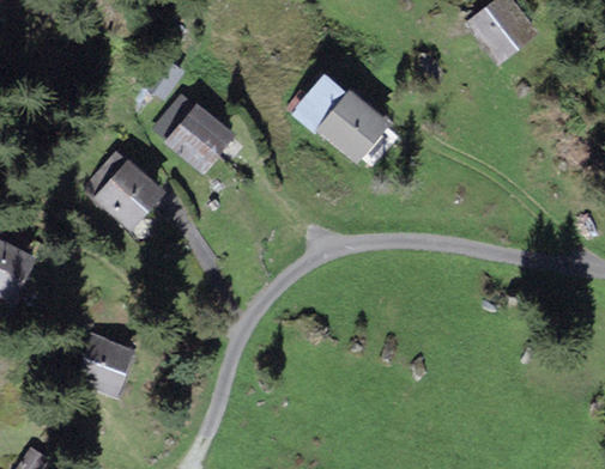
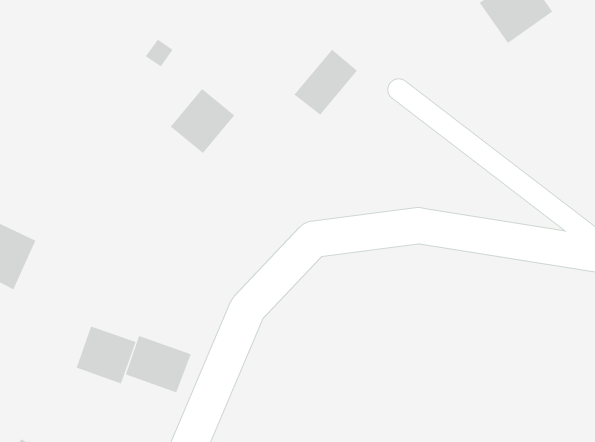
building: [313,85,394,169] -> none
building: [91,160,161,231] -> none
building: none -> [125,335,192,393]

